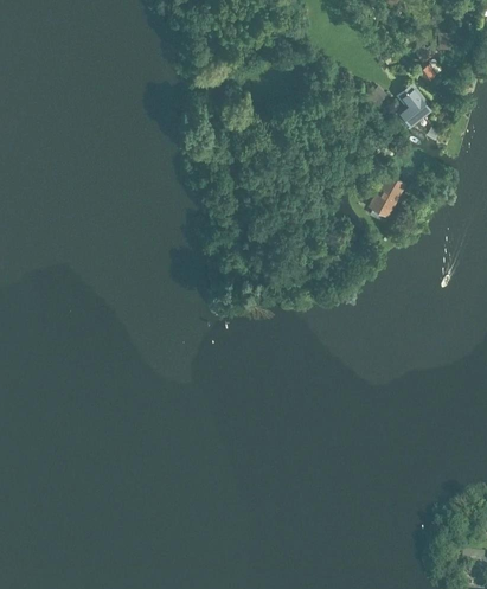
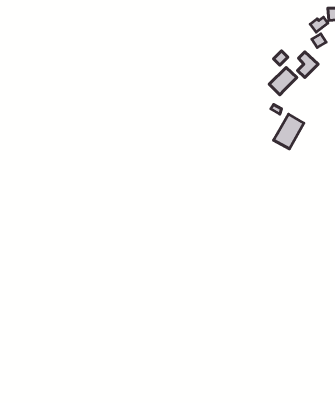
building: none -> [269,67,297,95]

